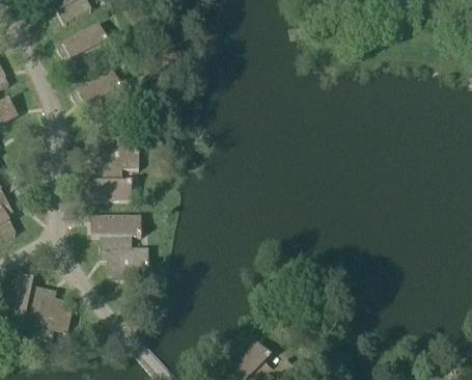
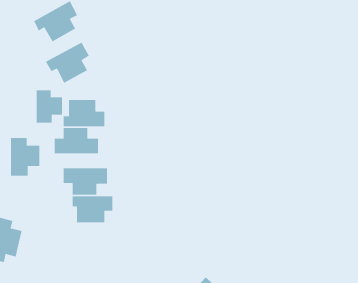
building: none -> [36,90,63,123]
building: none -> [10,137,40,176]
building: [33,287,74,338] -> none

